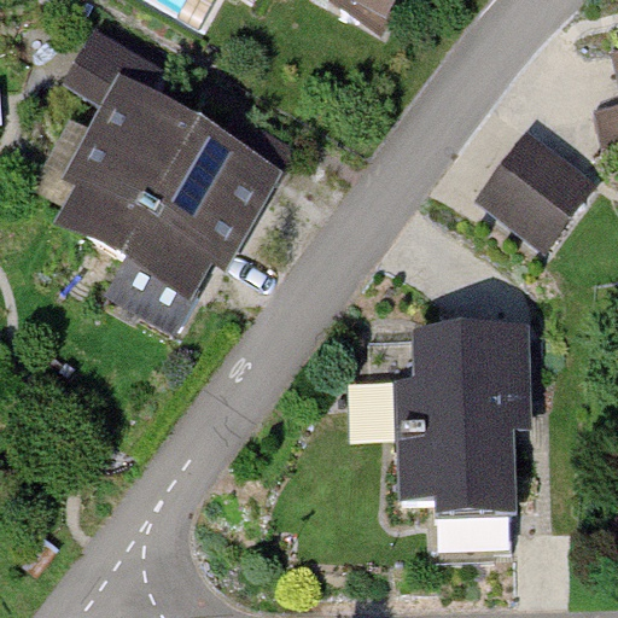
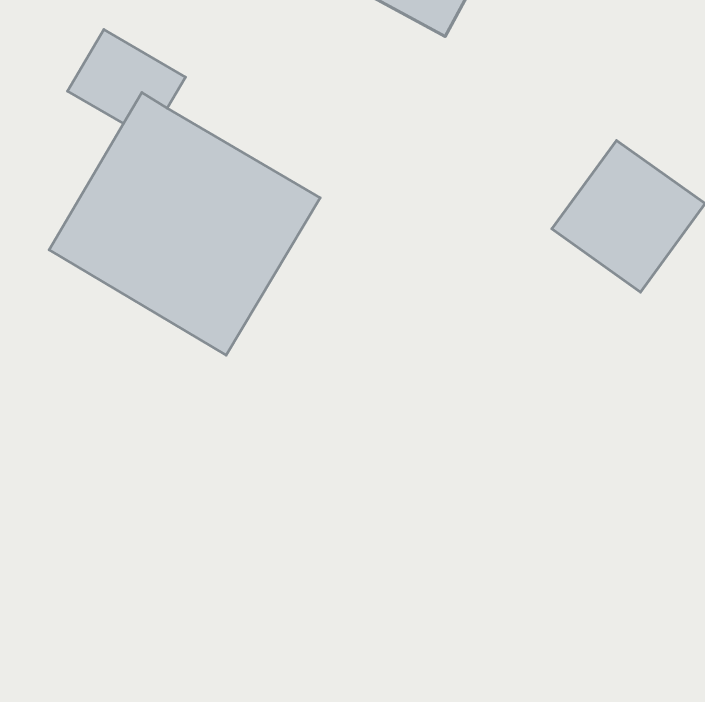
building: [392,326,534,517] -> none

